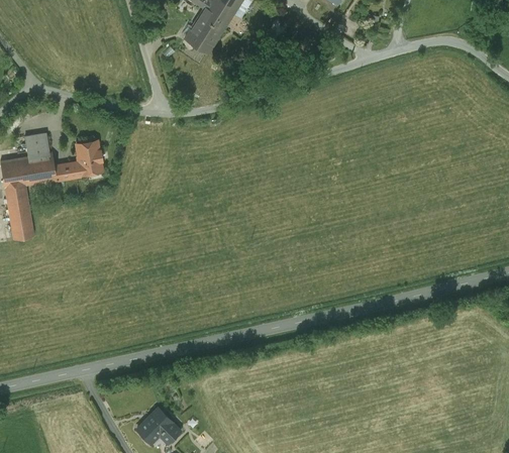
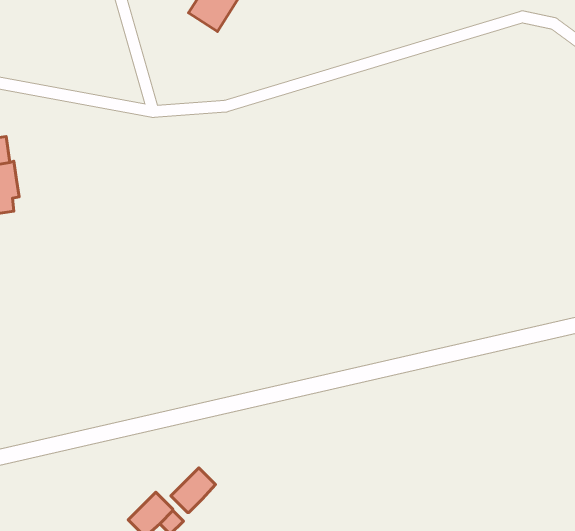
building: [53,140,101,180] -> none
building: none -> [171,468,216,513]

